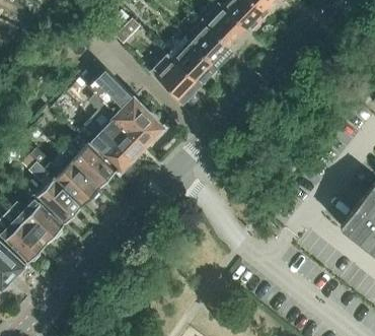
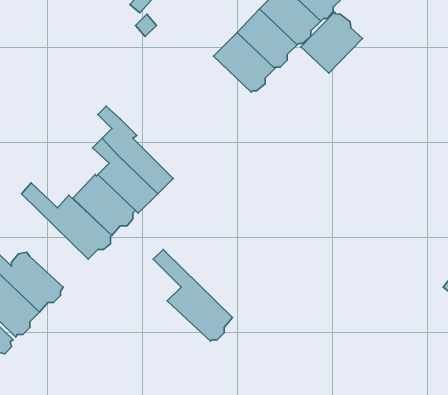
building: none -> [301,12,362,73]
building: [154,58,199,103] -> none
building: [80,60,161,147] -> none
building: [22,156,80,223] -> [153,249,233,341]

